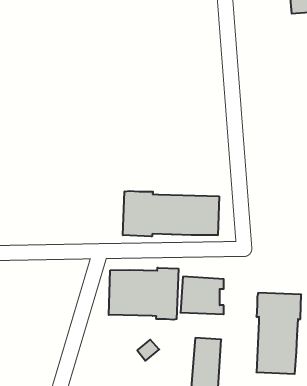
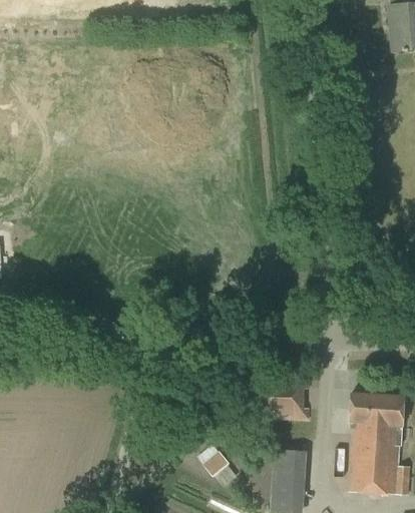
building: [123,191,219,236] -> none
building: [109,268,178,320] -> none

